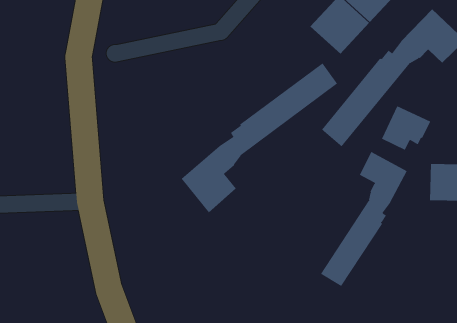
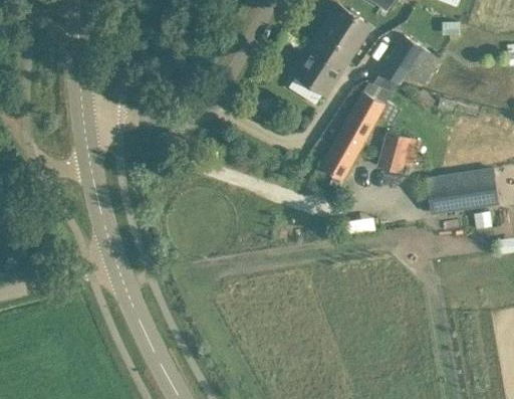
building: [181,62,338,213] -> none
building: [320,151,408,287] -> none

